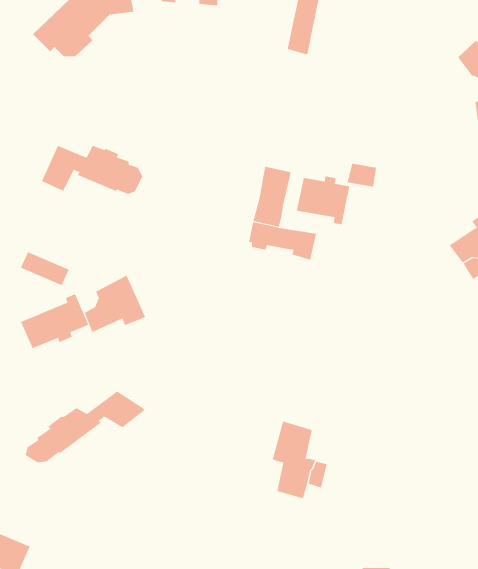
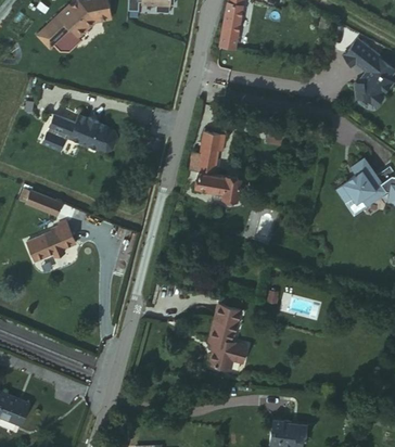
building: [296,175,350,225] -> none
building: [84,275,146,333] -> none
building: [25,390,146,463] -> none

